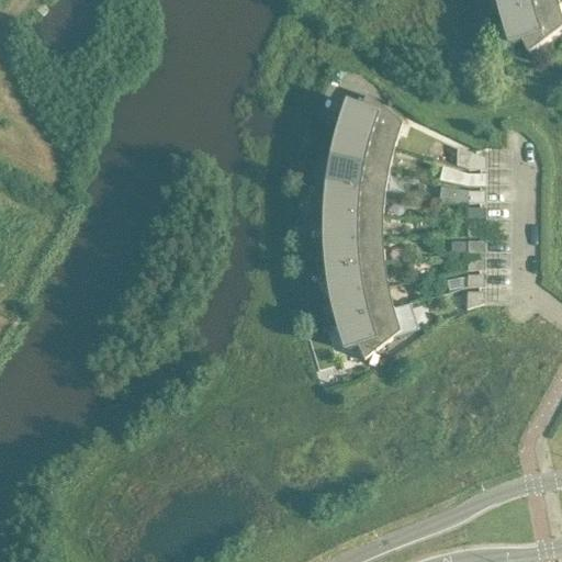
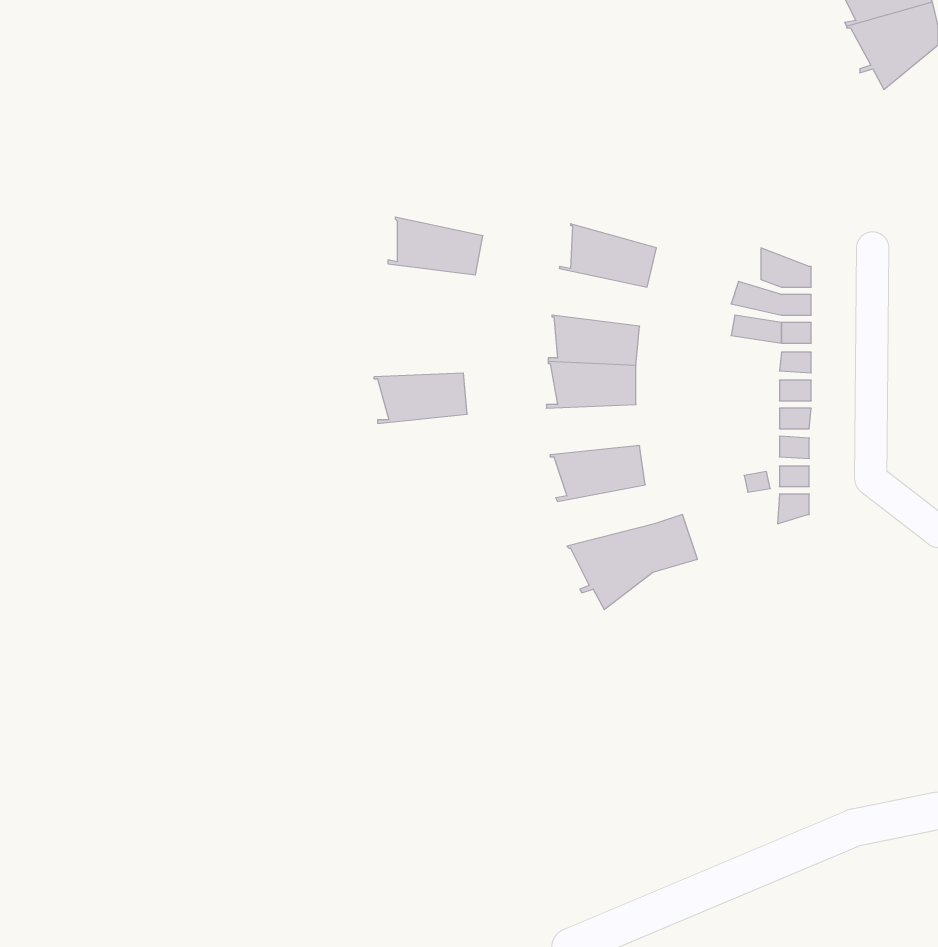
building: [336,94,394,146] -> none
building: [325,158,381,192] -> [388,217,483,275]
building: [322,238,376,268] -> [374,373,467,423]
building: [328,285,385,322] -> none

